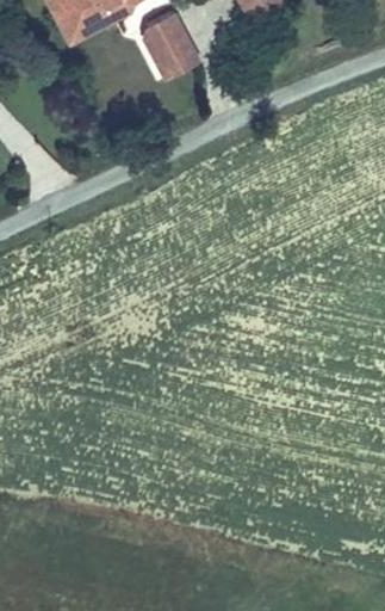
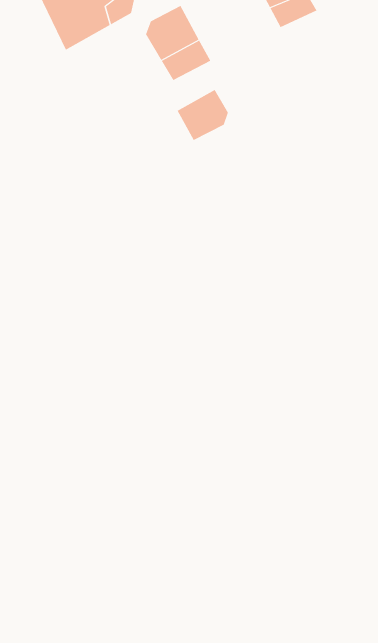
building: none -> [177,89,229,141]

